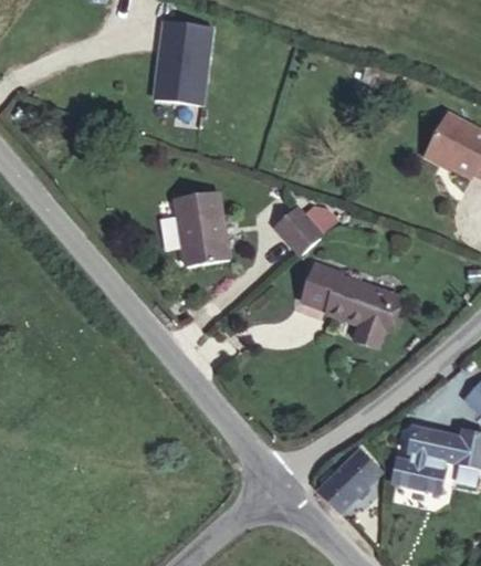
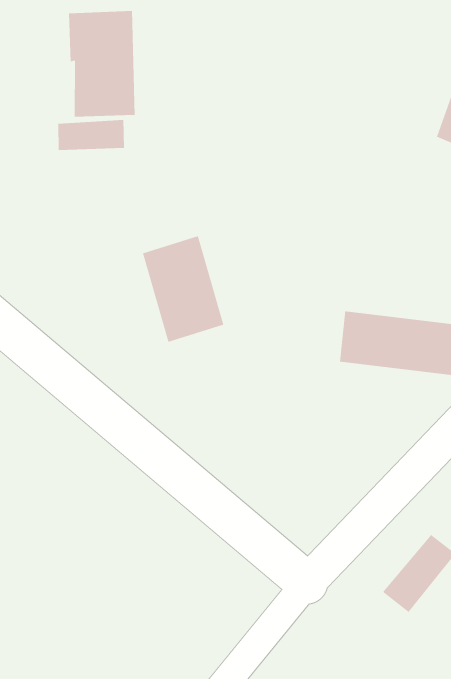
building: none -> [58,119,125,151]
building: [281,212,330,261] -> none

